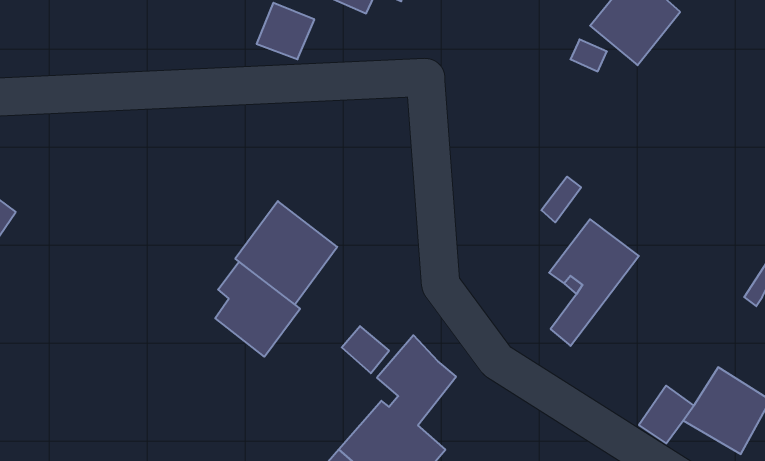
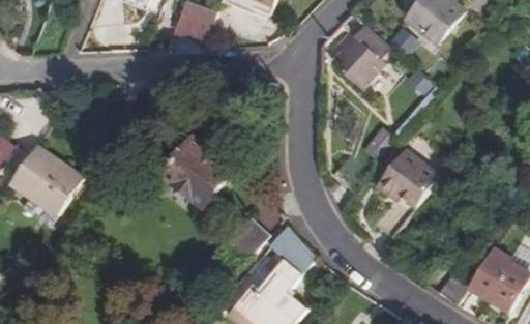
building: none -> [329,19,390,87]
building: none -> [9,145,81,214]
building: [215,262,300,357] -> none

